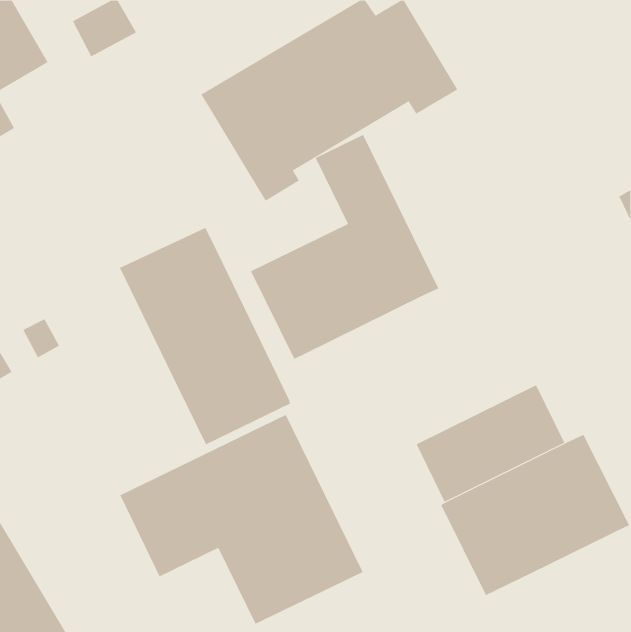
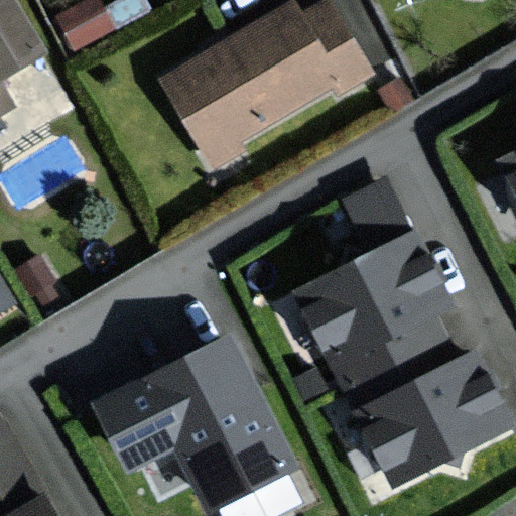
building: [250,134,439,359] -> [294,183,447,366]
building: [119,227,291,445] -> none

